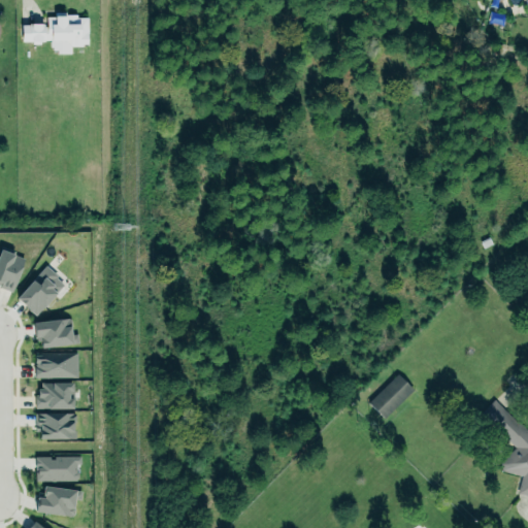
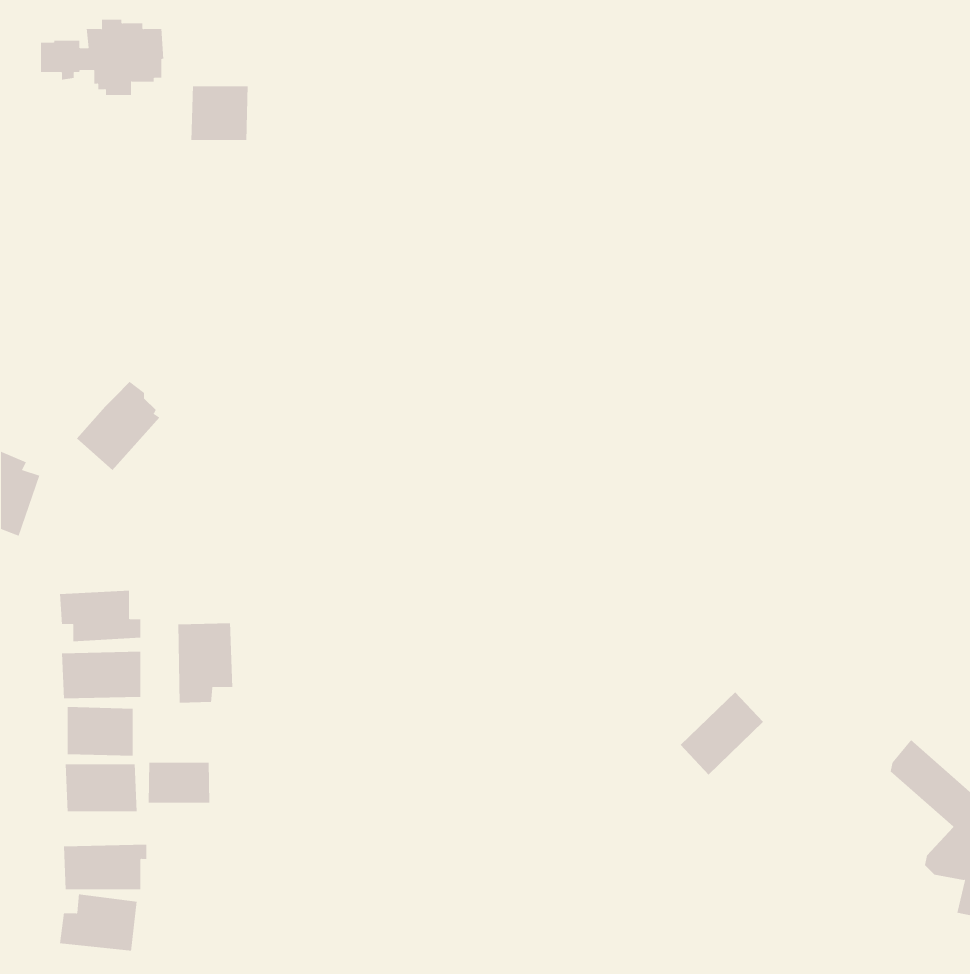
building: none -> [191,85,248,141]
building: [19,264,64,312] -> [76,381,160,471]
building: none -> [178,623,233,704]
building: none -> [148,762,210,804]

